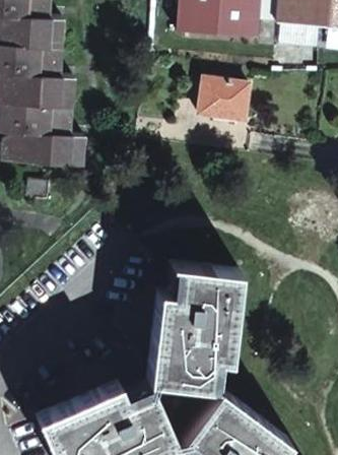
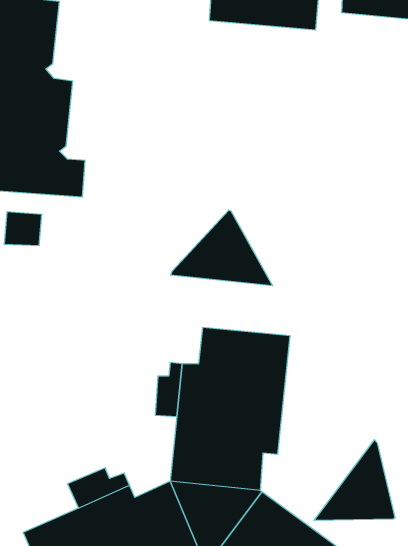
building: [200,77,252,121] -> none
building: none -> [171,210,272,286]
building: none -> [314,440,395,520]

